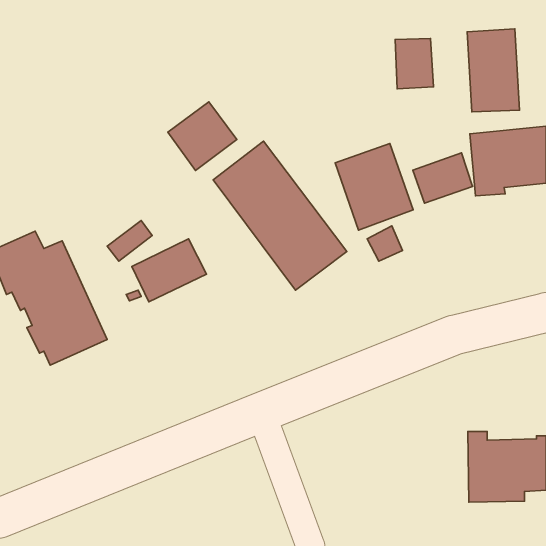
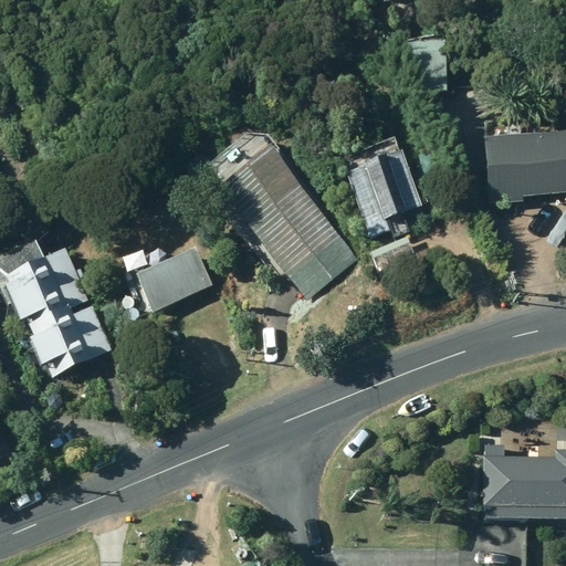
building: [467,29,520,112] -> none
building: [168,102,237,171] -> none
building: [413,153,472,203] -> none

